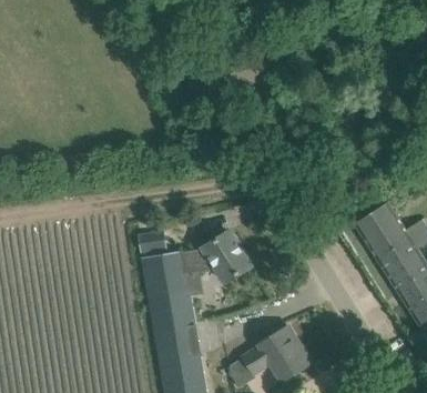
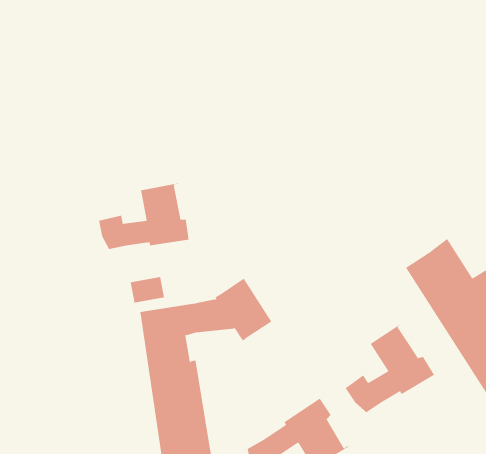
building: none -> [99,183,189,250]
building: none -> [345,323,435,413]

